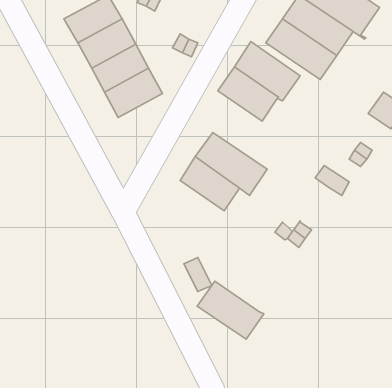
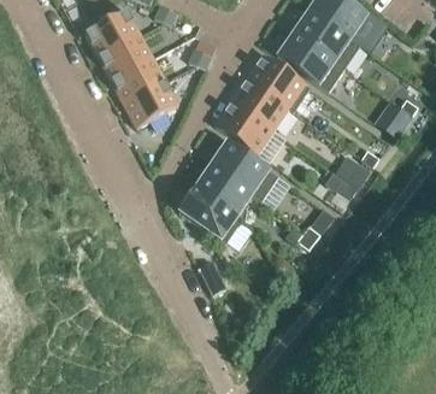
building: none -> [216,100,273,152]
building: [197,281,264,339] -> [178,186,242,241]

